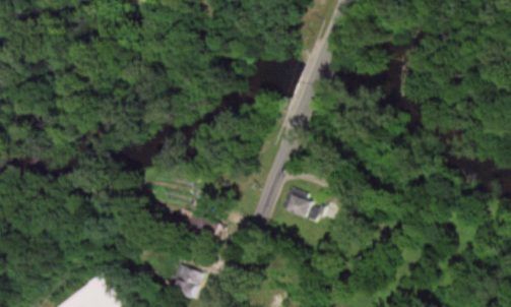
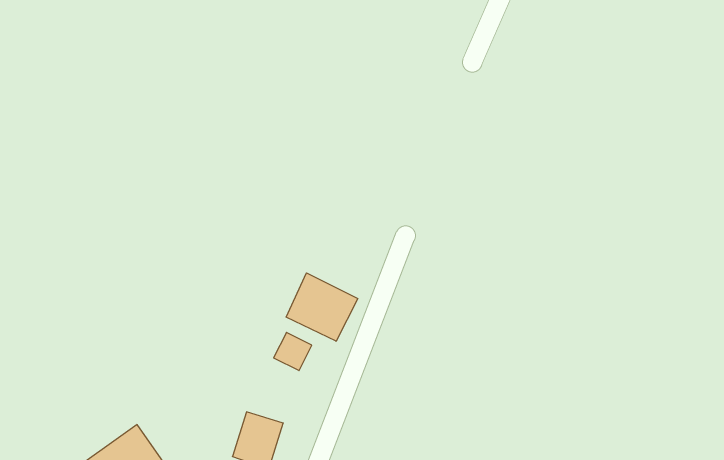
building: none -> [286,273,358,341]
building: [282,189,322,223] -> none

